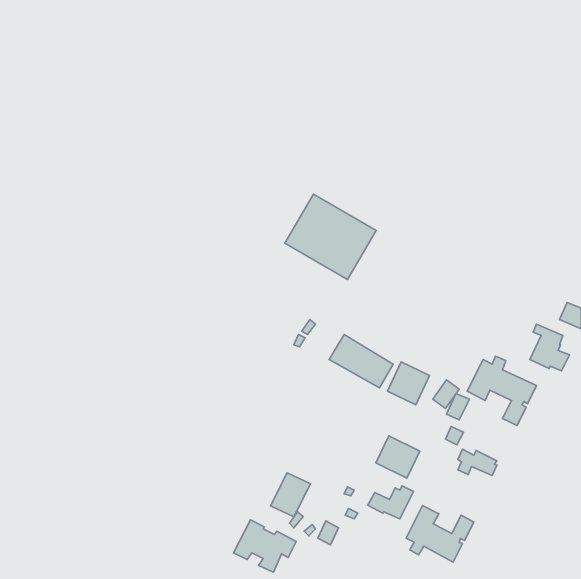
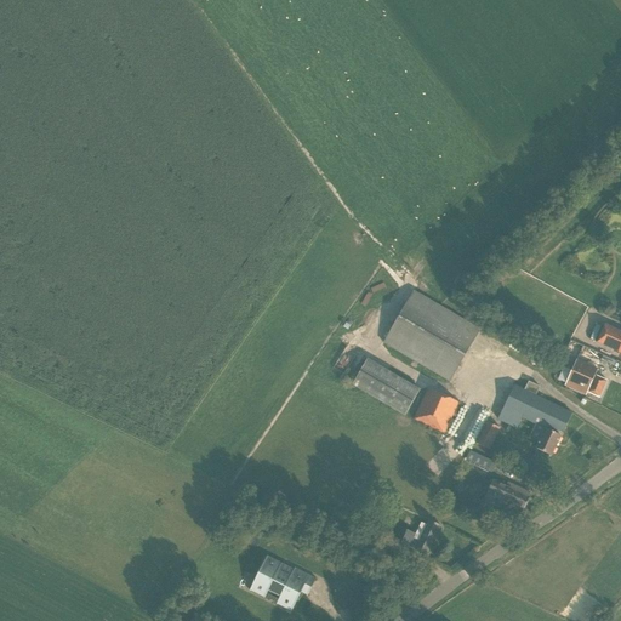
building: [285,194,376,279] -> [382,289,479,380]
building: [376,436,420,478] -> none
building: [270,473,310,517] -> none
building: [406,506,474,562] -> none

